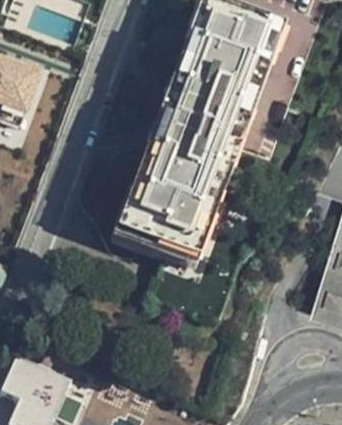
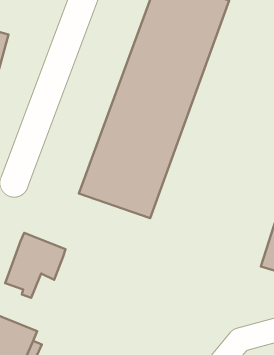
building: none -> [5,233,66,298]

